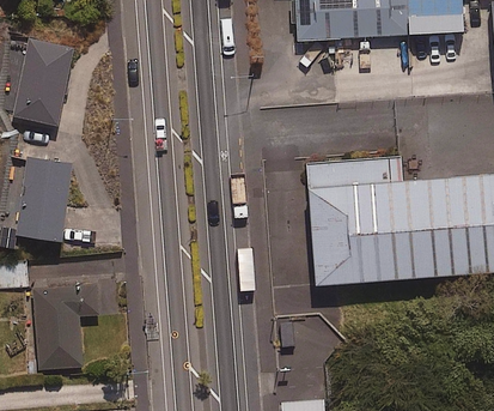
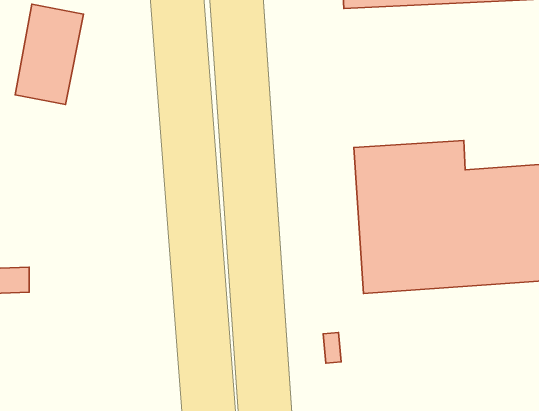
building: [18,158,72,241] -> none
building: [32,285,98,369] -> none

